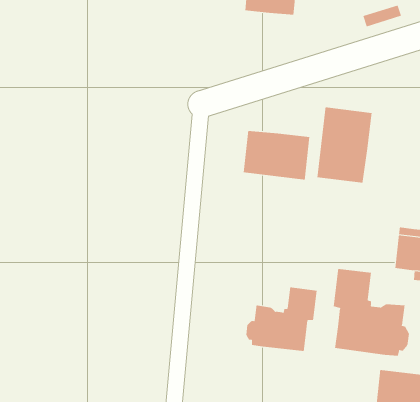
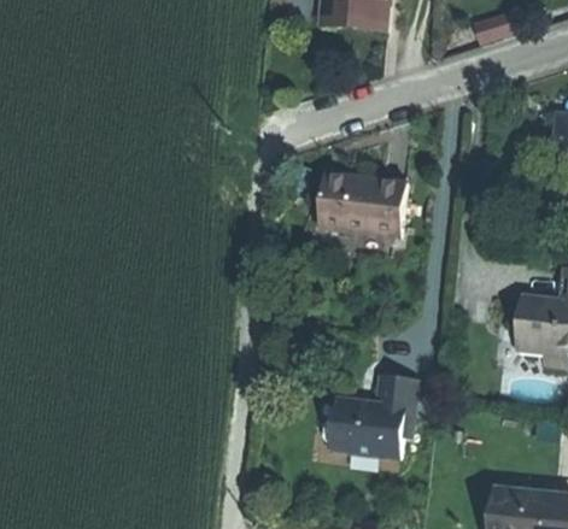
building: [317,106,372,183] -> none
building: [333,268,410,357] -> none

